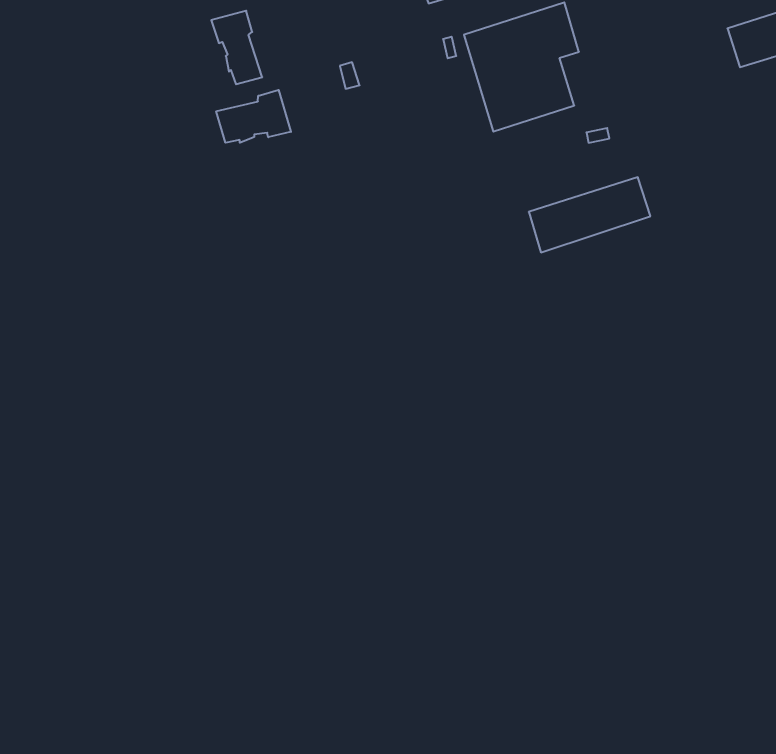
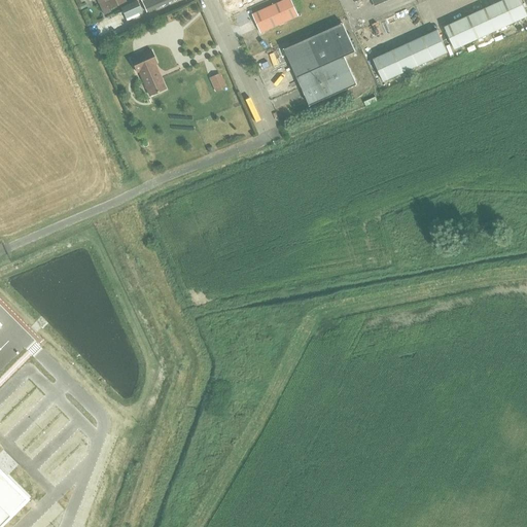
building: [216,90,291,143] -> none
building: [529,177,650,252] -> [373,29,447,81]

